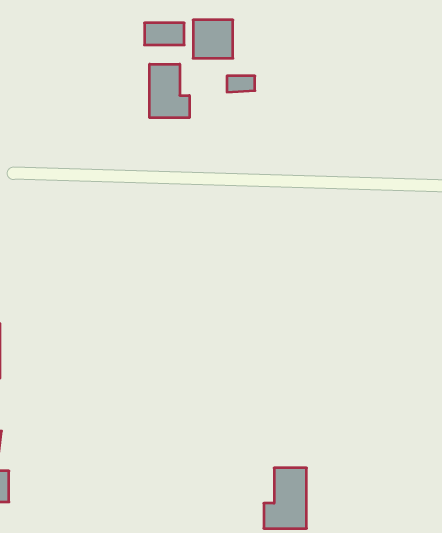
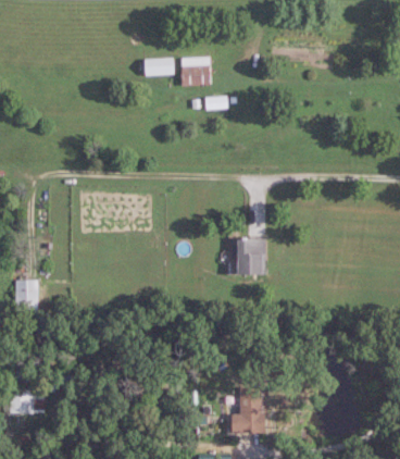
building: [150,64,189,118] -> none
building: none -> [237,240,264,274]

